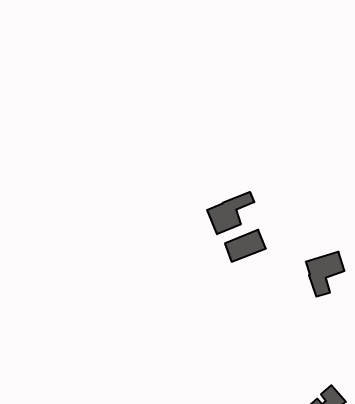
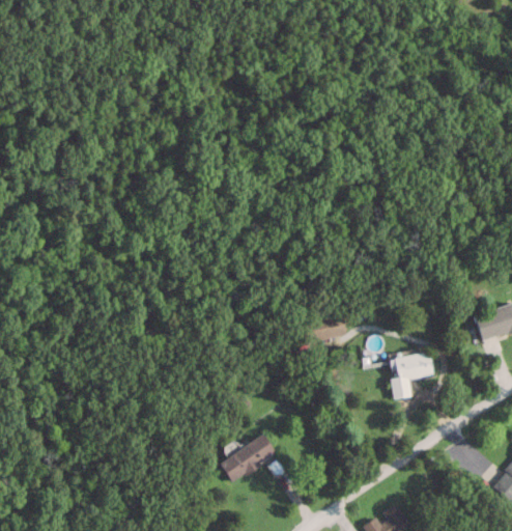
building: [207,192,254,234] -> none
building: none -> [221,434,277,483]

